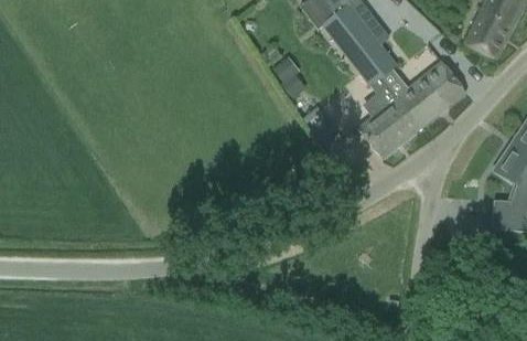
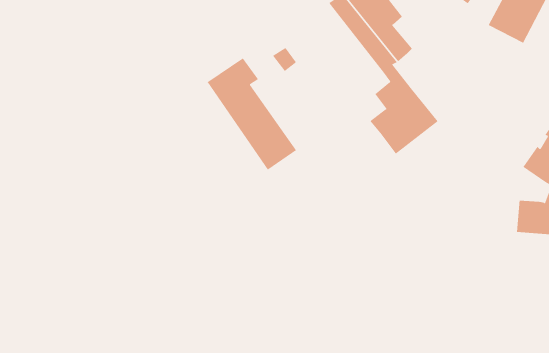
building: [396,60,466,127] -> none
building: none -> [207,58,297,170]

